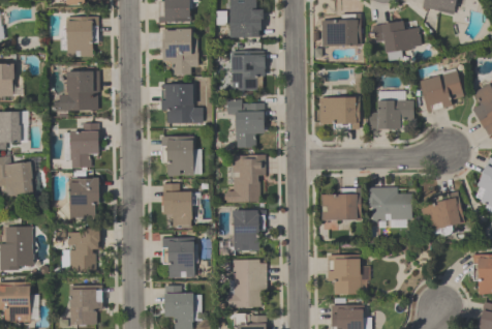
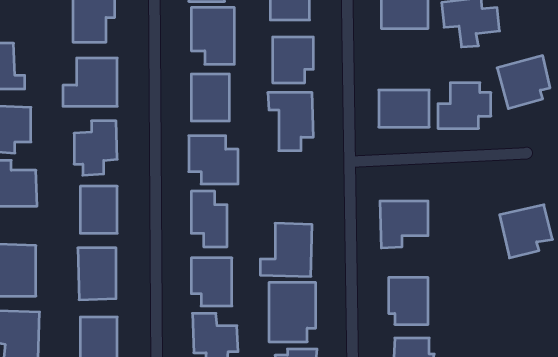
building: [224,154,266,203] -> none
building: [367,186,412,228] -> none

